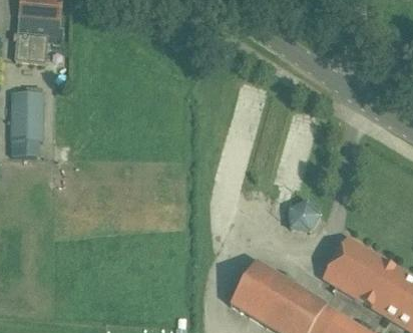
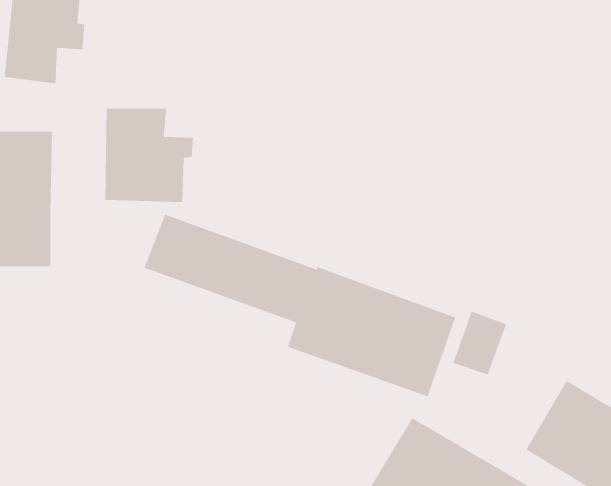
building: none -> [105,108,194,203]
building: none -> [144,214,456,397]

